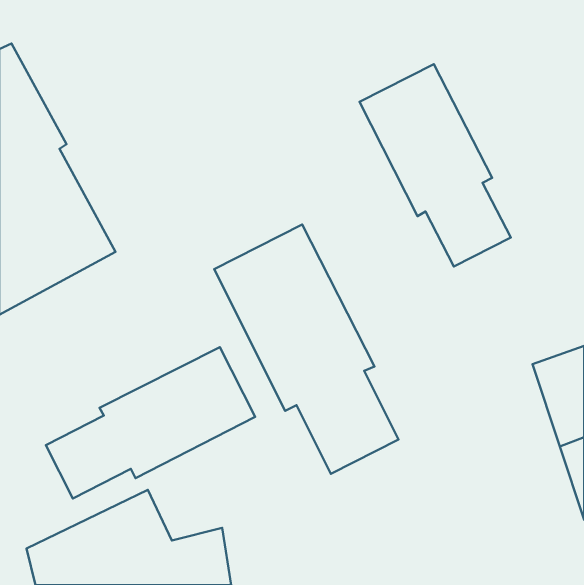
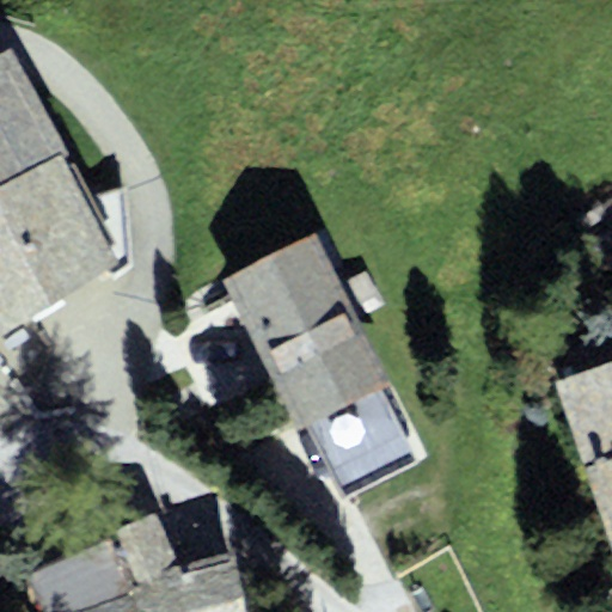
building: [360,64,511,266] -> none
building: [46,347,255,499] -> none

